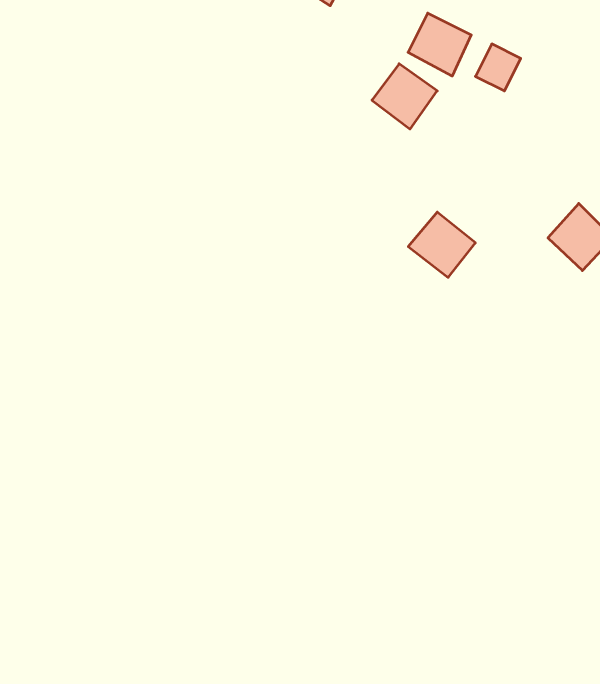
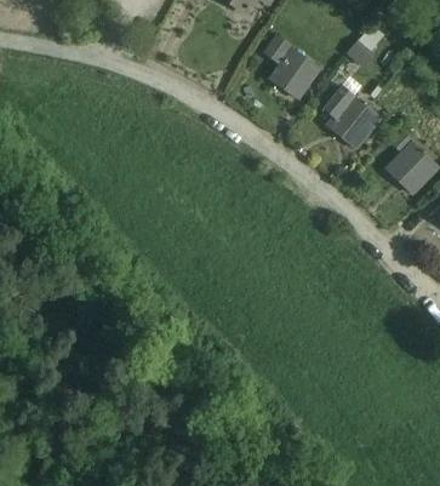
building: [408,13,471,76] -> none
building: [408,212,475,277] -> [333,97,378,141]

